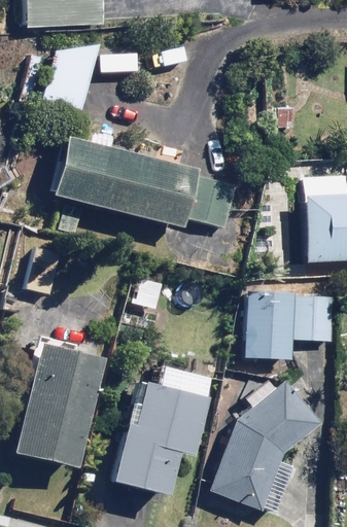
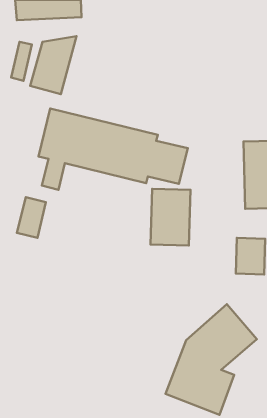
building: [244,291,293,361] -> [151,189,190,245]
building: [16,341,104,466] -> none
building: [107,381,210,493] -> none

